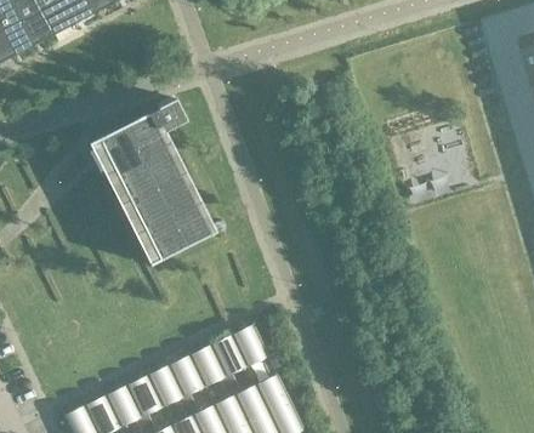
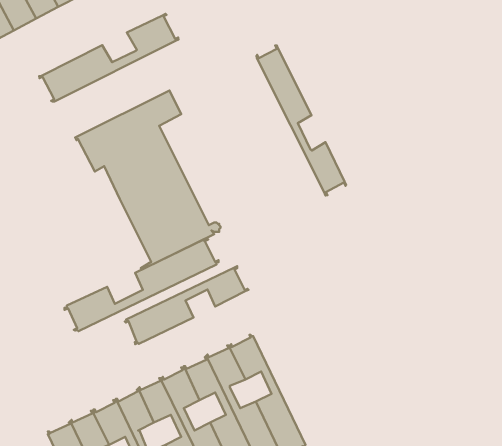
building: none -> [39,14,178,102]
building: none -> [256,45,346,195]
building: none -> [65,239,219,331]
building: none -> [125,266,249,344]

